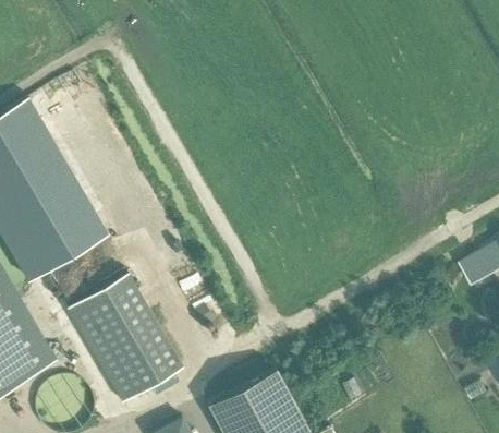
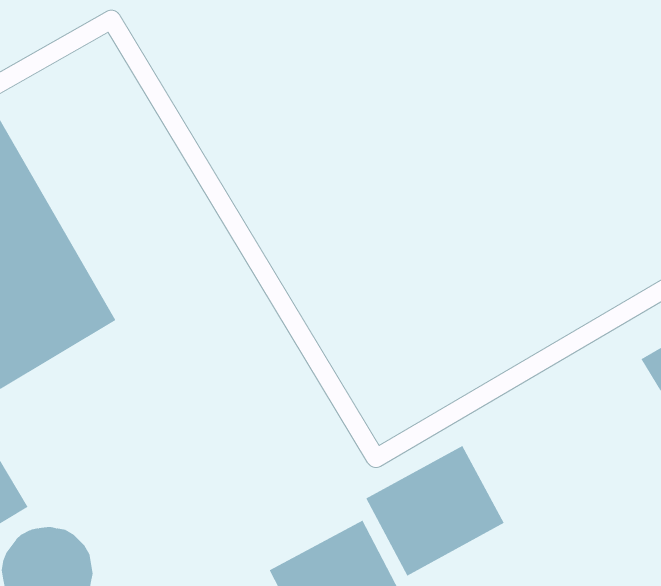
building: [68,275,183,404] -> none
building: none -> [365,445,504,576]

